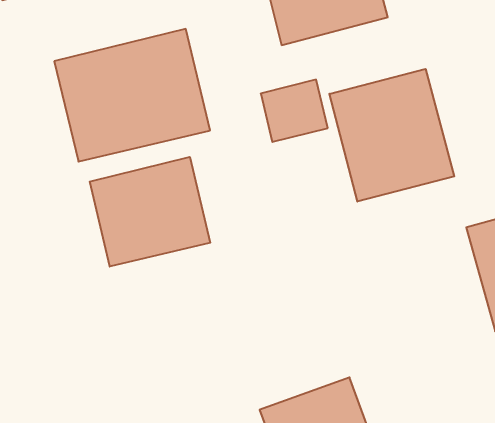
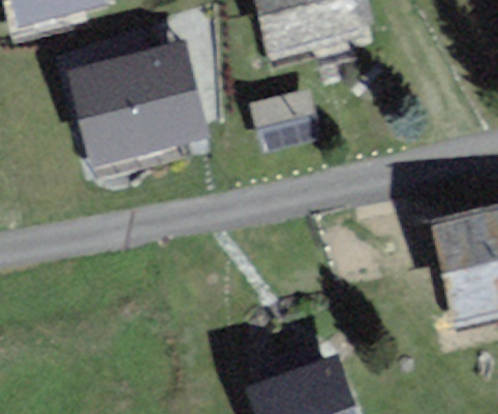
building: [329,69,454,202] -> none
building: [90,157,210,267] -> none

